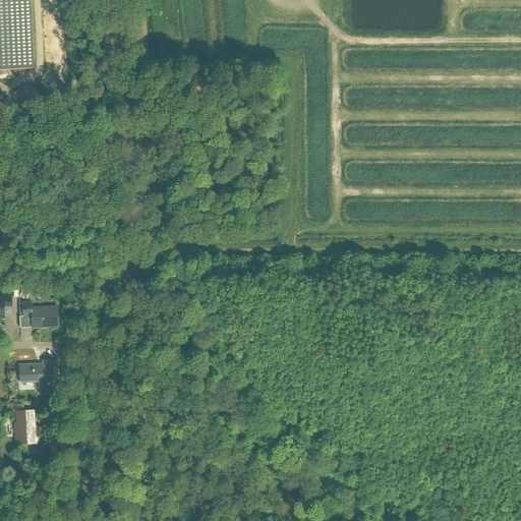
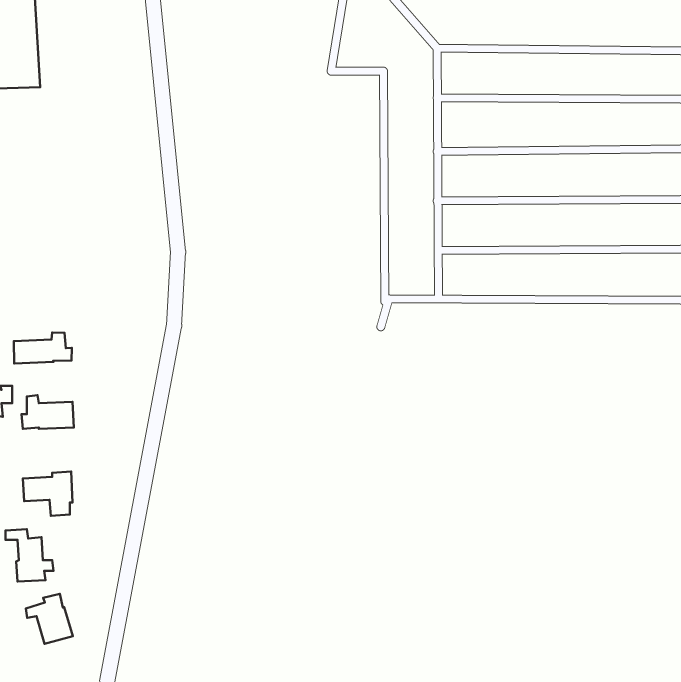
building: none -> [14,333,72,363]
building: none -> [26,594,73,644]

